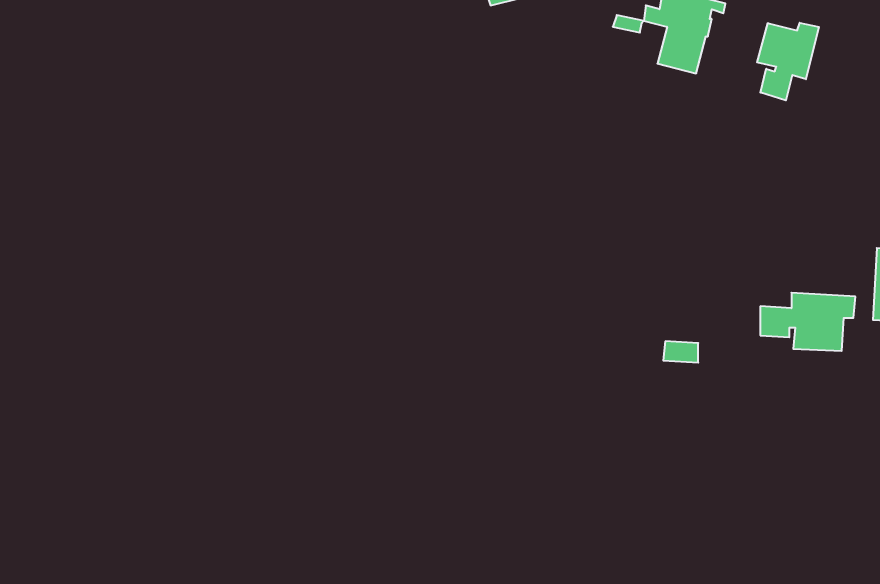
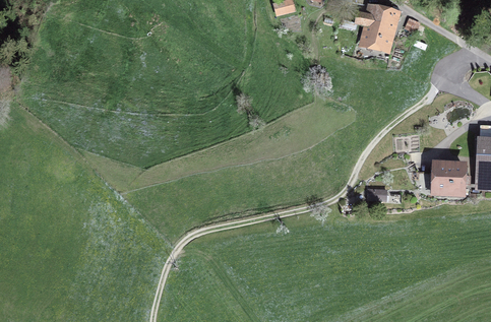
building: [757,23,819,100] -> none

